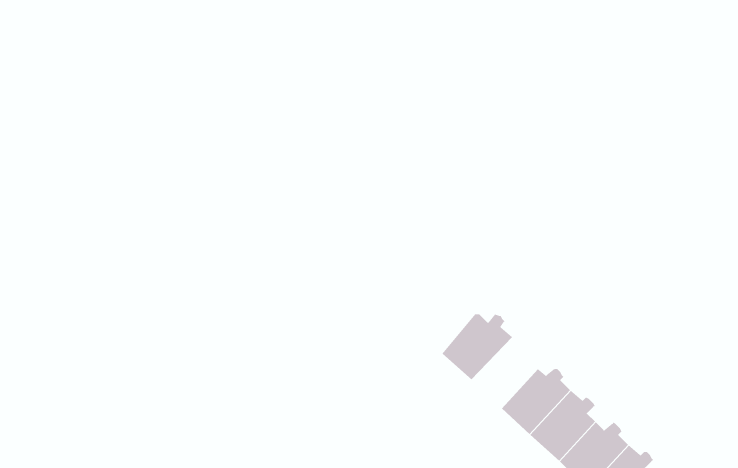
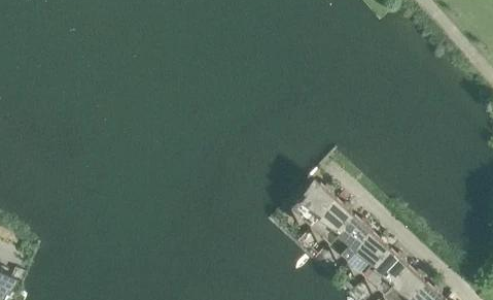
building: none -> [323,213,364,258]

